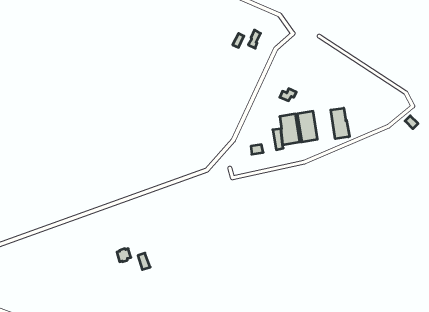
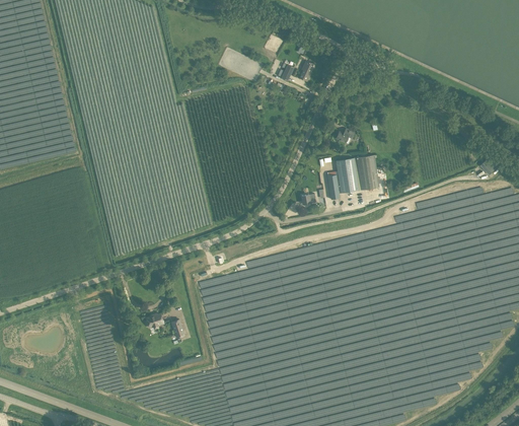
building: [331,108,350,139] -> none

